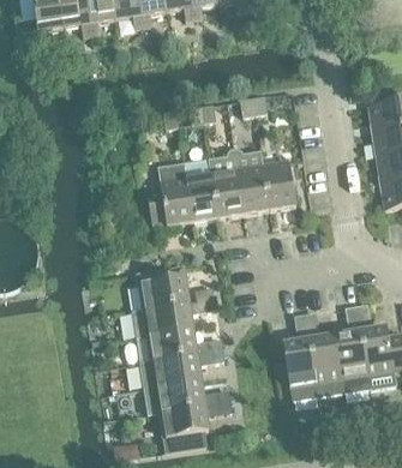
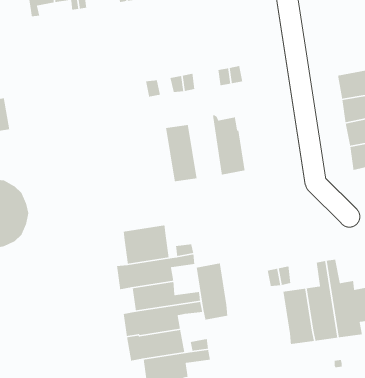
building: [209,149,244,217] -> none
building: [263,160,296,209] -> none
building: [146,162,193,226] -> none
building: [283,338,318,401] -> [196,263,228,321]

